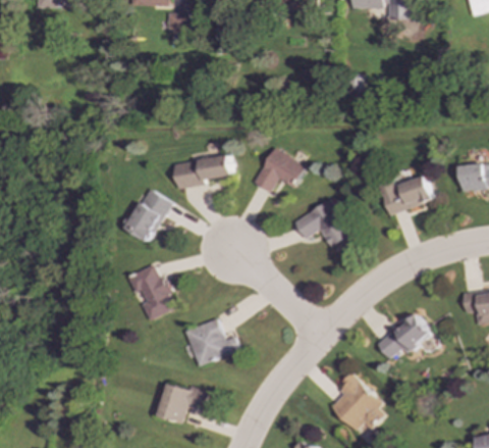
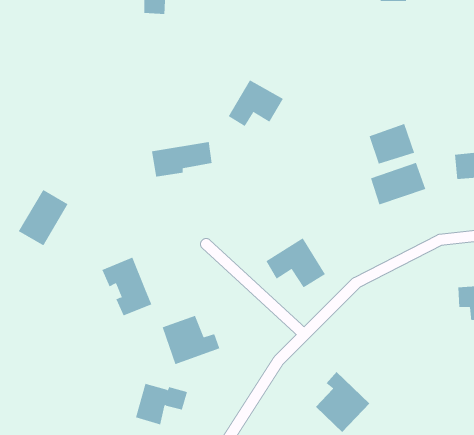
building: none -> [369,123,415,165]
building: [253,148,306,193] -> [228,79,284,127]
building: [123,189,171,243] -> [18,189,69,246]
building: [293,200,350,248] -> [265,237,326,288]
building: [375,314,430,359] -> none

